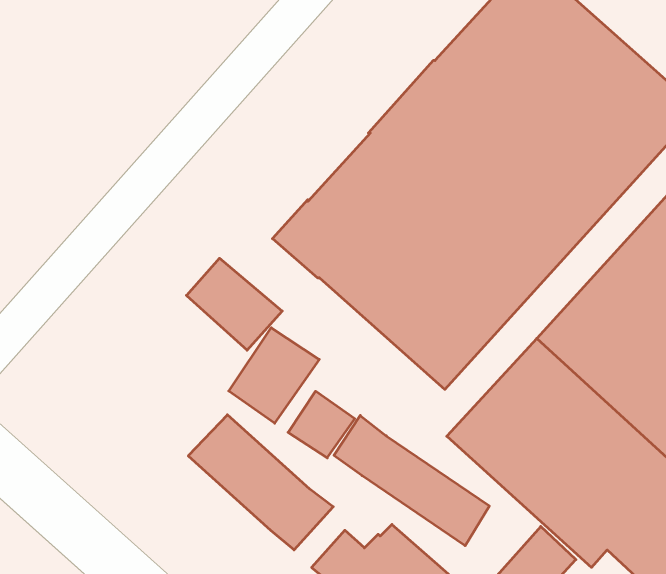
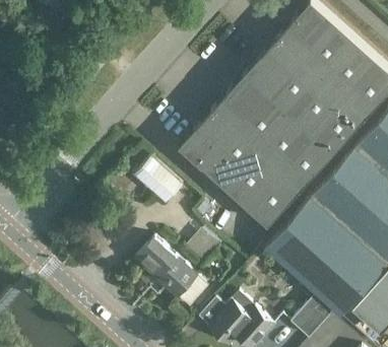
building: [229,328,319,423] -> none
building: [334,415,489,546] -> none

